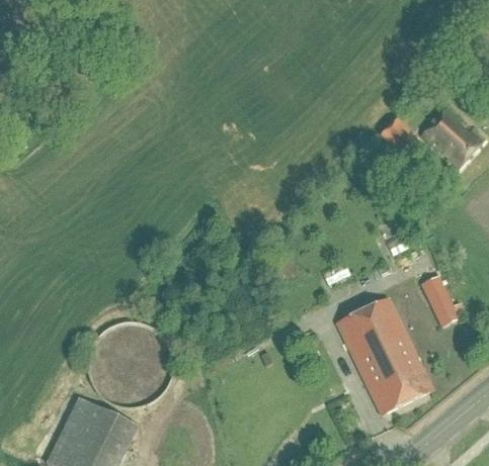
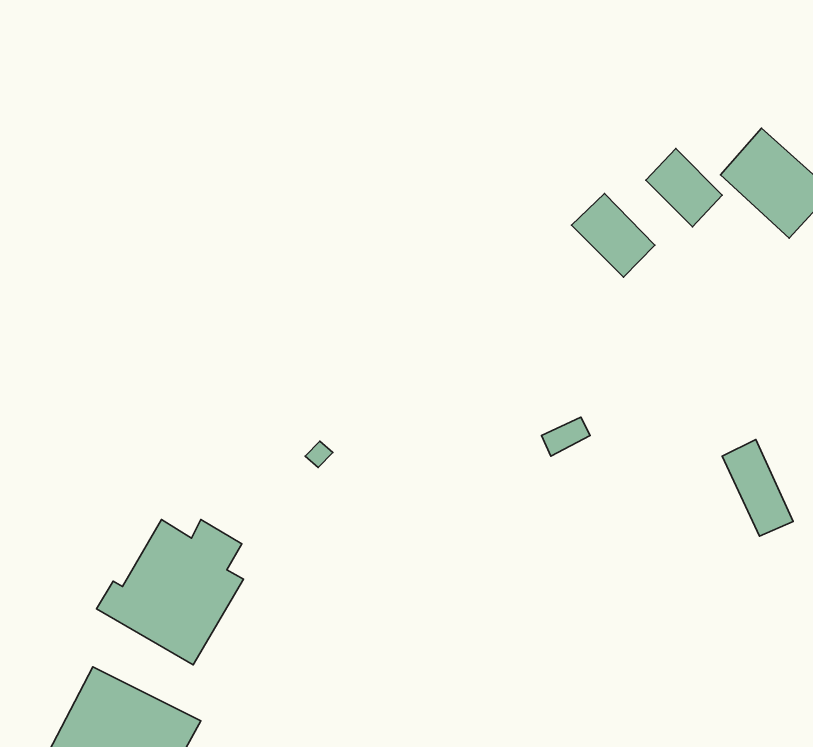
building: none -> [571,194,655,277]
building: [337,298,433,414] -> none

